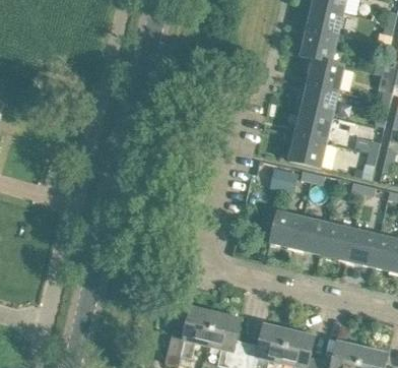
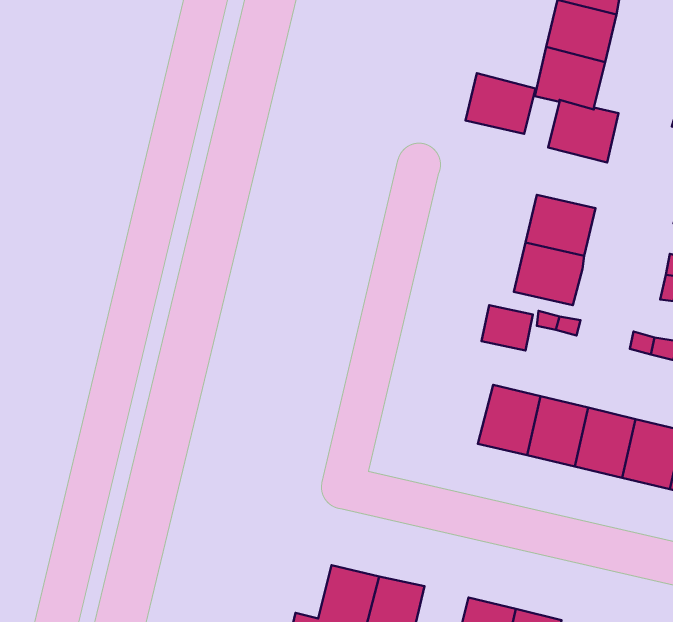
building: [301,82,338,115] -> [465,73,536,134]

